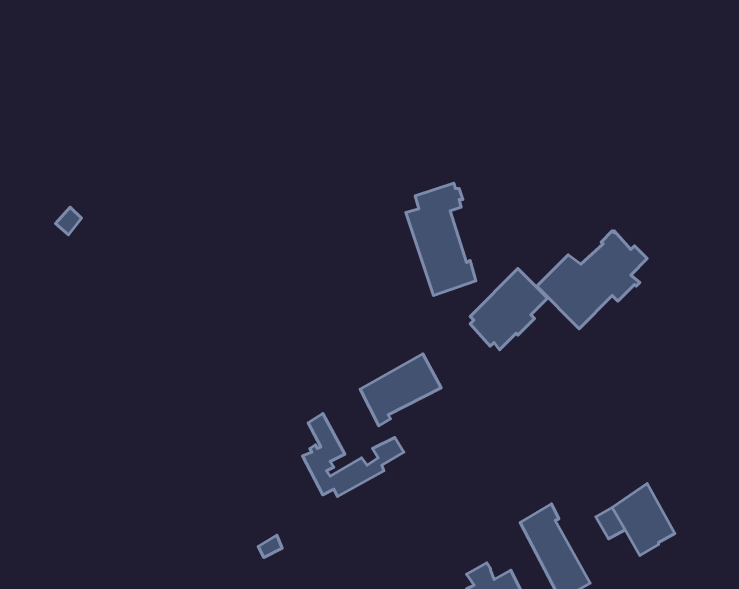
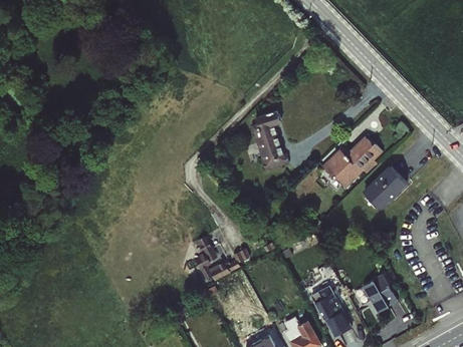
building: [470,269,547,350] -> [364,166,406,211]
building: [360,354,441,426] -> none

